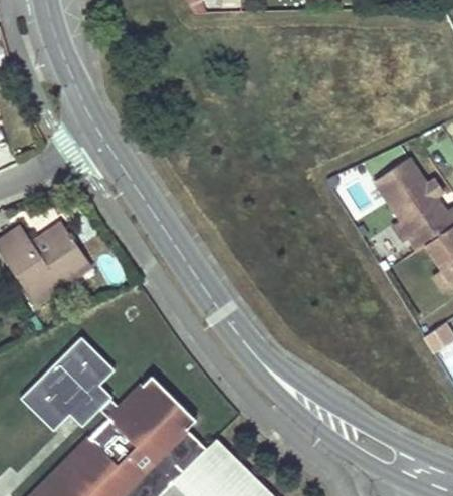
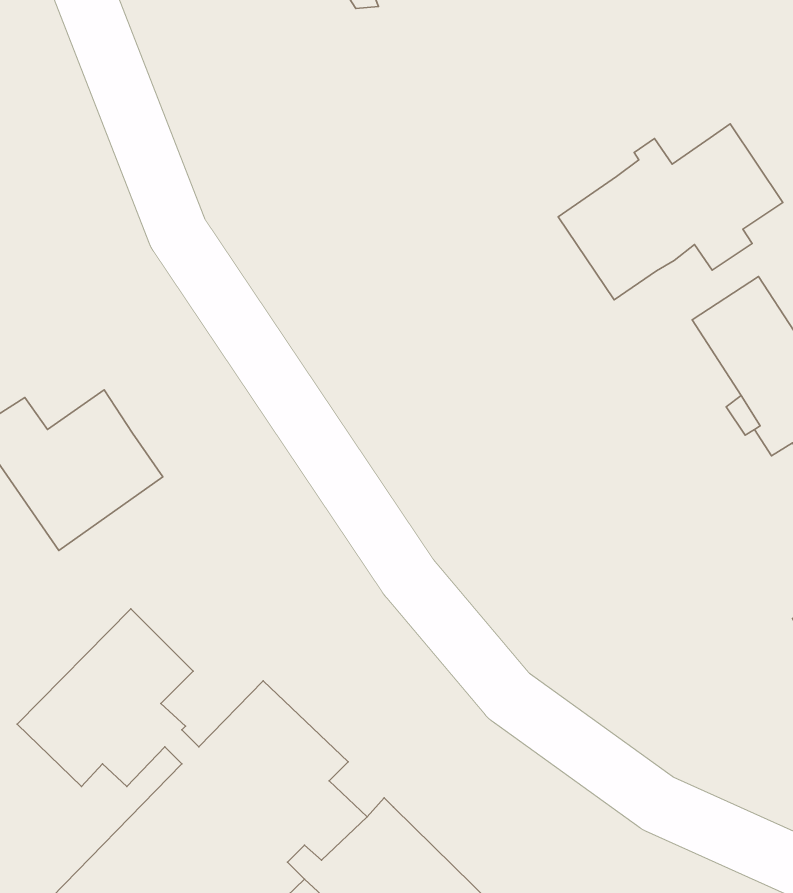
building: none -> [558,124,783,300]

